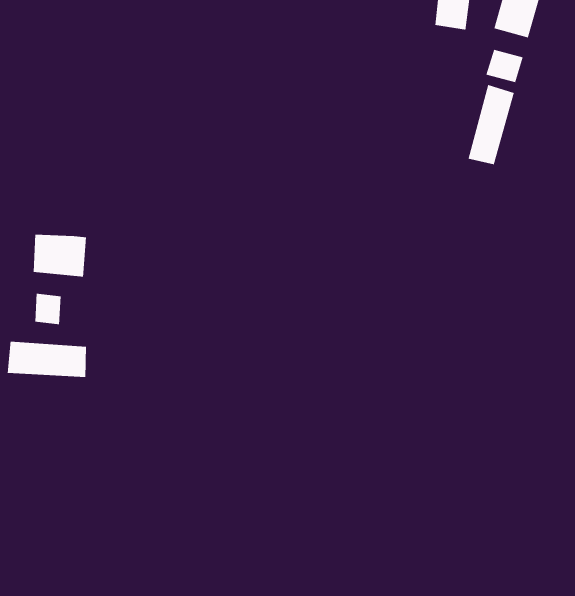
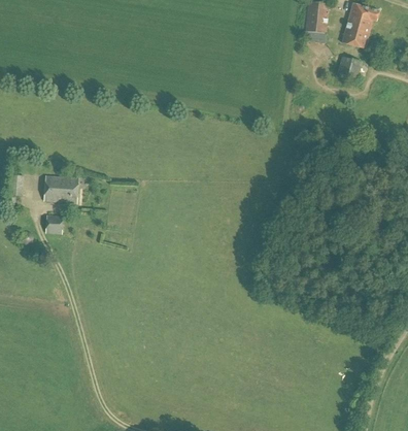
building: [468,84,514,165] -> none
building: [7,341,87,378] -> none

